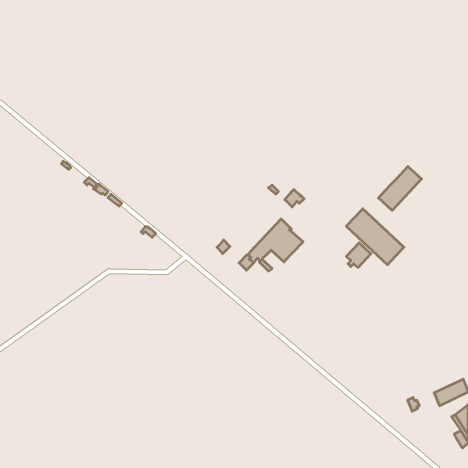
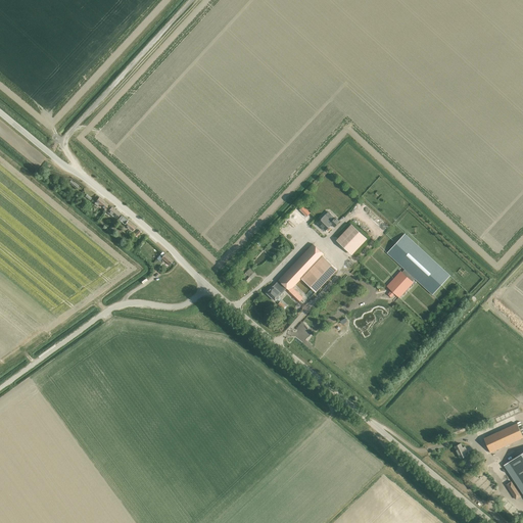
building: [378,166,422,210] -> none
building: none -> [337,225,367,254]

